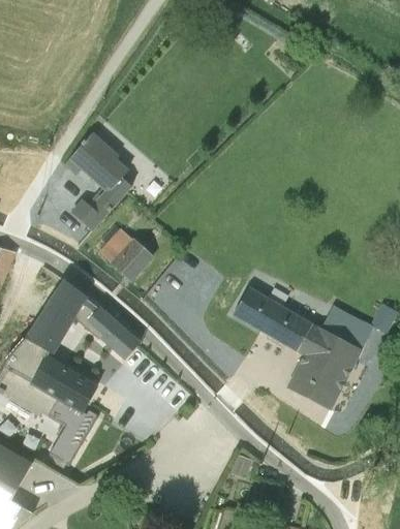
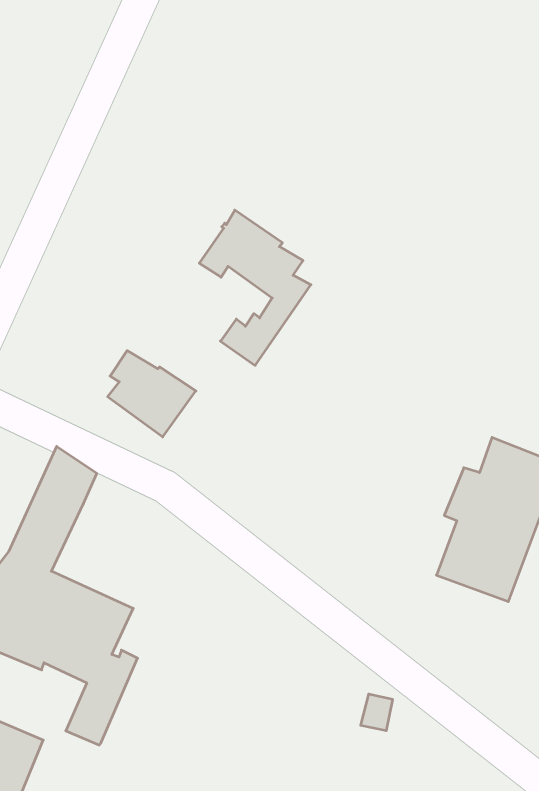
building: [64,133,131,230] -> [199,210,311,365]
building: [233,288,312,350] -> none
building: [87,306,140,360] -> none

